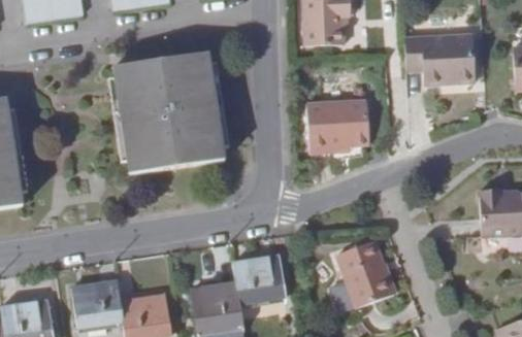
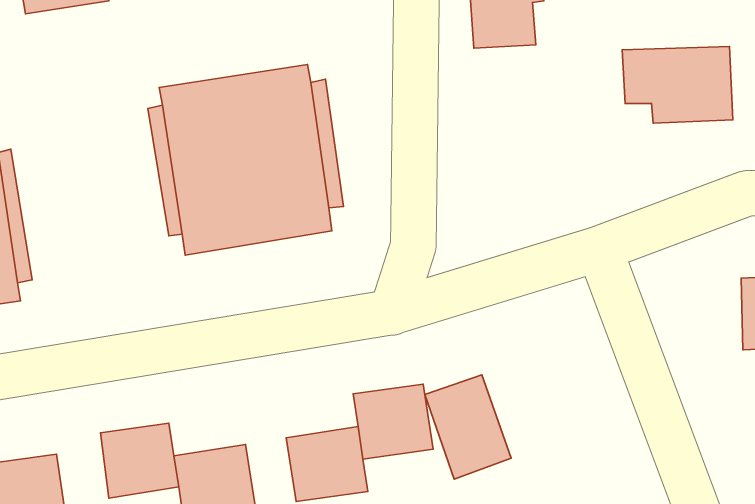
building: [307,101,368,151] -> none
building: [338,242,393,308] -> [425,375,511,479]

